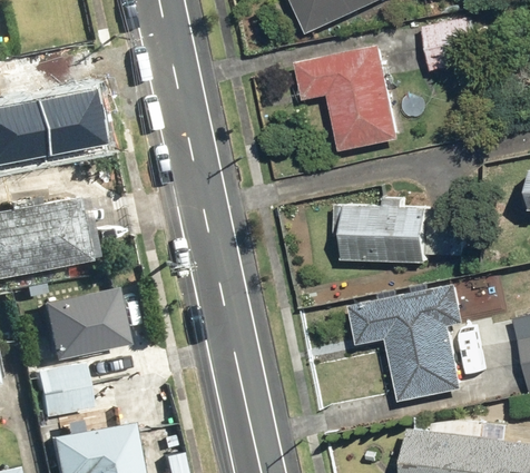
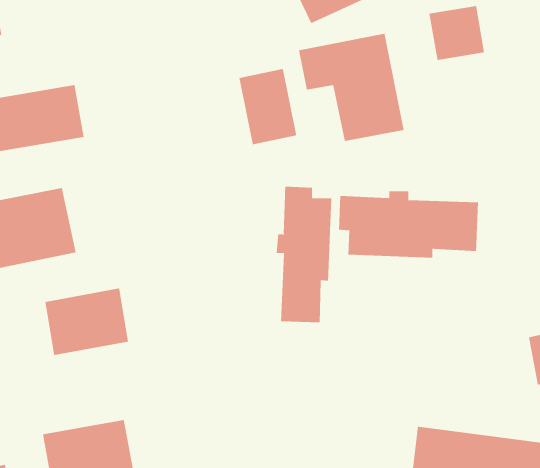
building: none -> [239,68,297,145]
building: none -> [276,186,332,323]
building: [349,284,463,401] -> none
building: [38,365,94,420] -> none

